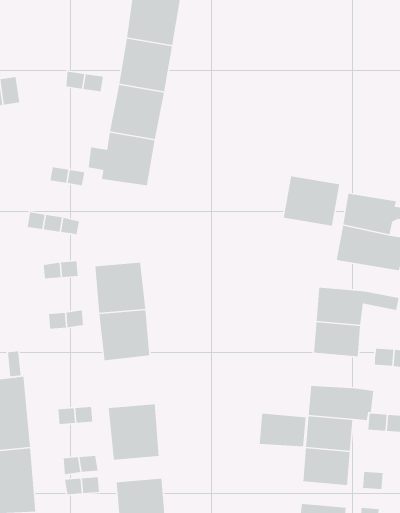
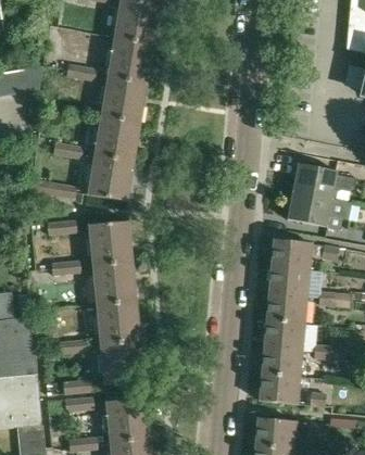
building: [283,175,340,226] -> none
building: none -> [88,153,133,201]
building: none -> [97,298,139,340]
building: [259,413,307,447] -> [266,295,305,324]

